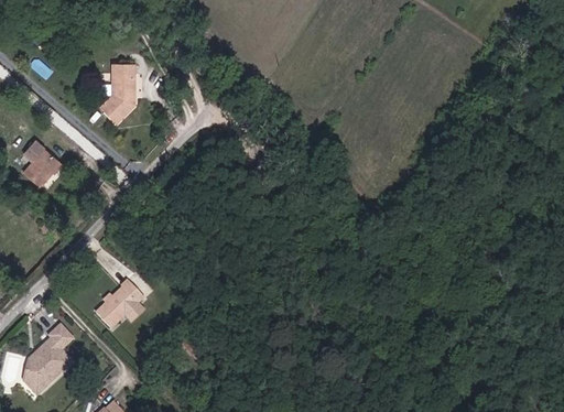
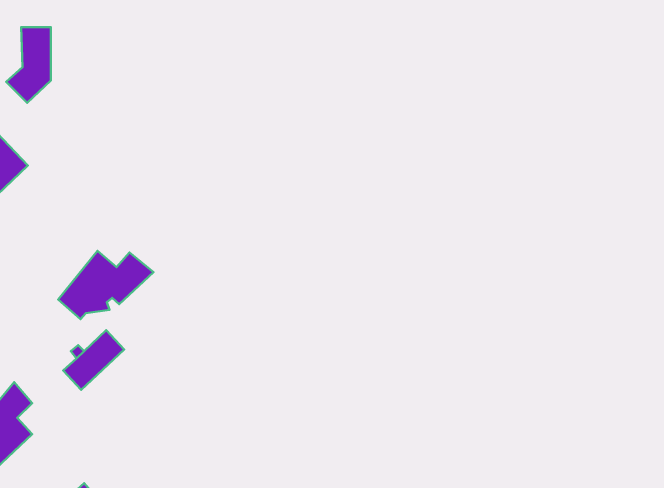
building: [100,64,133,120] -> [6,27,51,103]
building: none -> [58,251,153,319]

